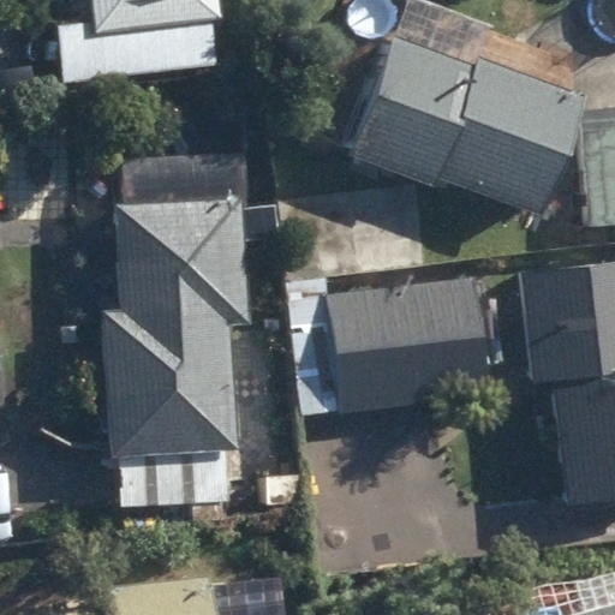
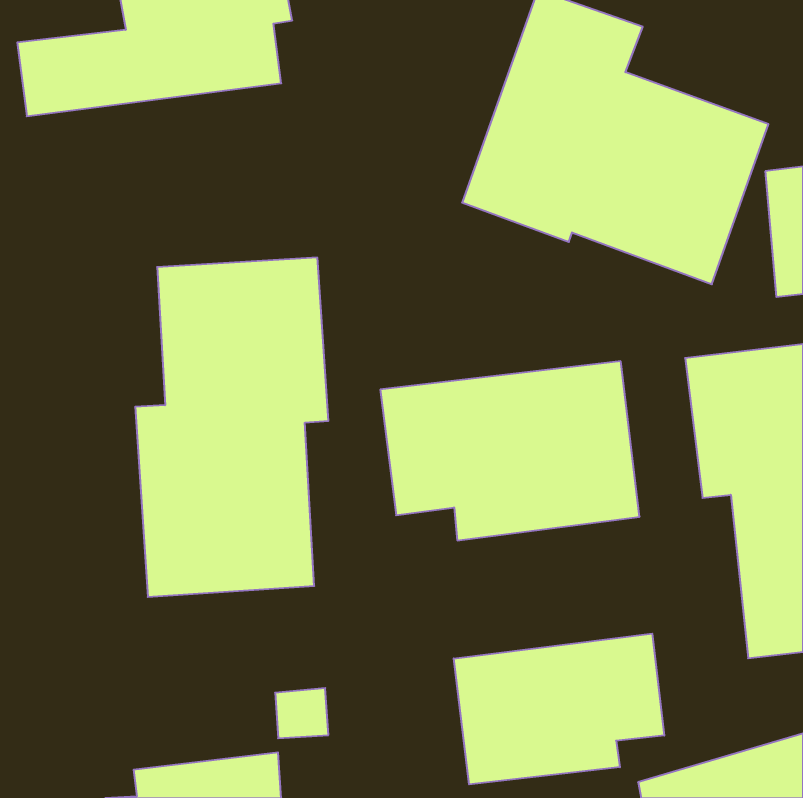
building: none -> [454,634,664,784]

